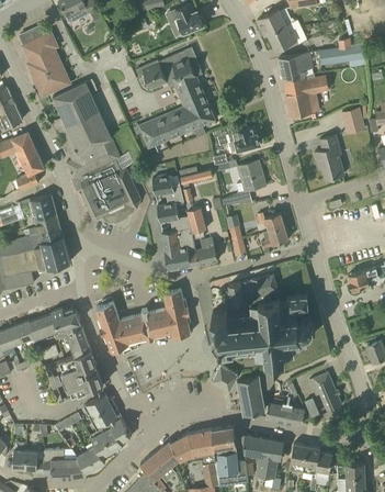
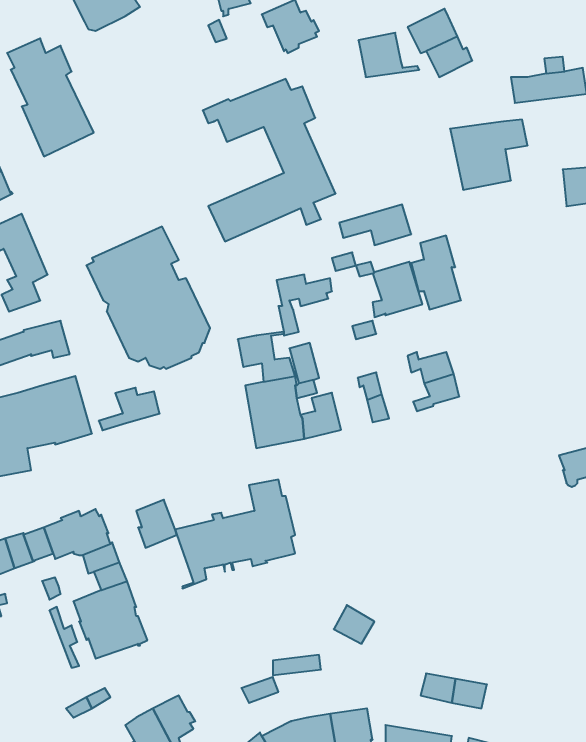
building: [279,54,315,80] -> [358,33,419,77]
building: [53,79,112,157] -> none
building: [315,135,344,179] -> [411,236,461,309]
building: [152,175,184,203] -> none
building: [24,212,60,237] -> [99,388,160,430]
building: [213,273,316,364] -> none
building: [102,322,128,349] -> none
building: [308,371,342,411] -> none
building: [238,377,265,413] -> none
building: [83,394,120,431] -> none

